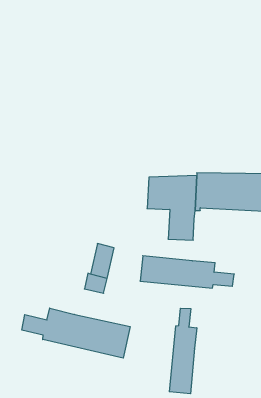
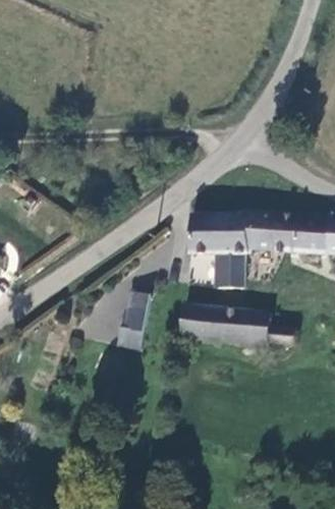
building: [22,308,130,358] -> none
building: [169,308,197,394] -> none

